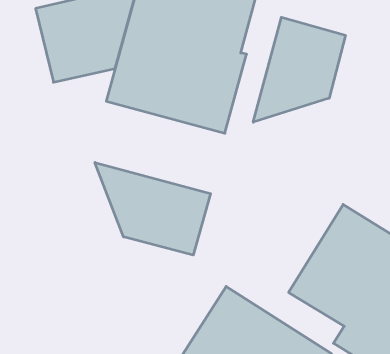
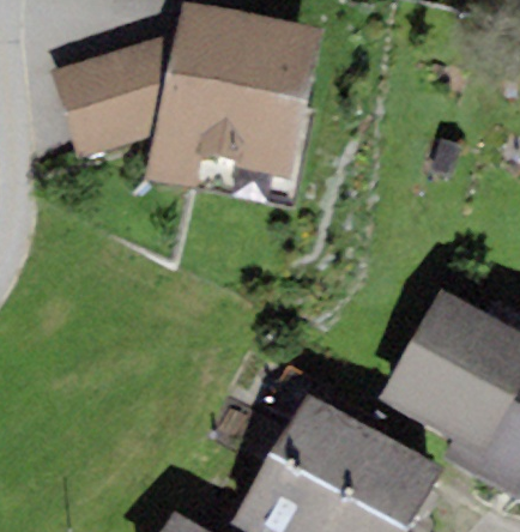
building: [253,17,345,122] -> none
building: [95,162,211,255] -> none

